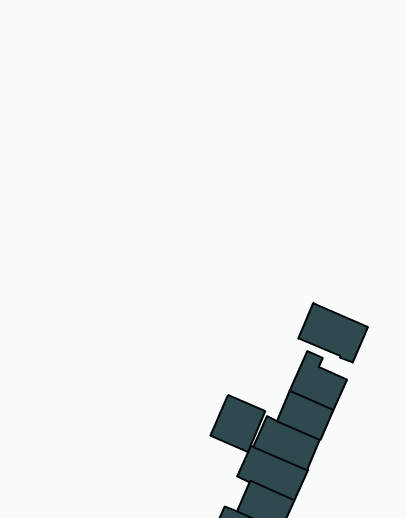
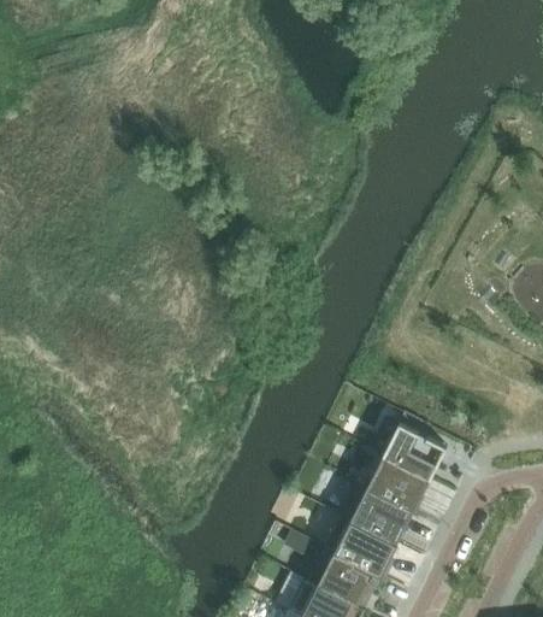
building: [298,303,368,363] -> none
building: [211,395,265,452] -> none

